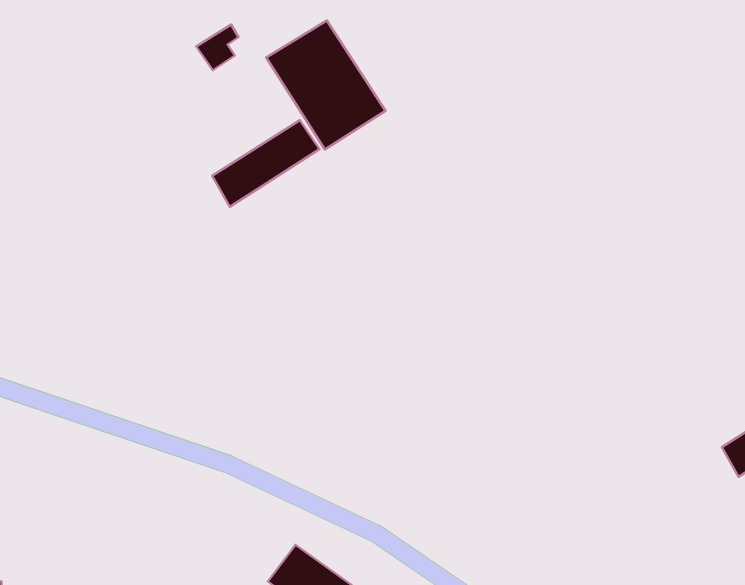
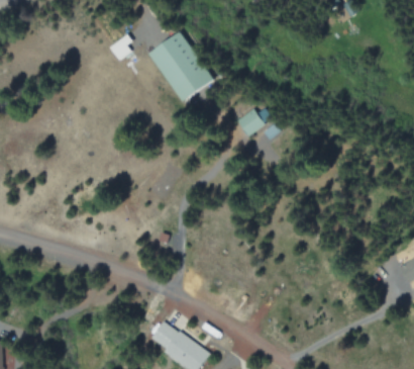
building: [212,120,319,207] -> none
building: none -> [235,108,265,136]

